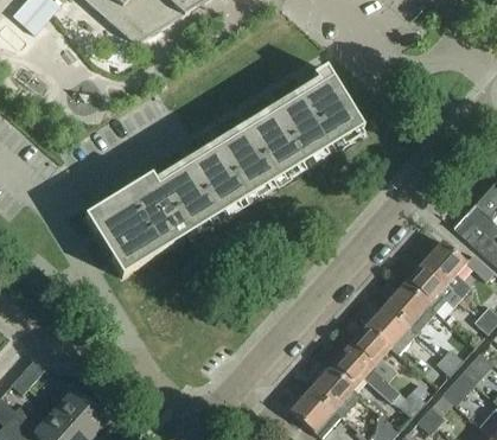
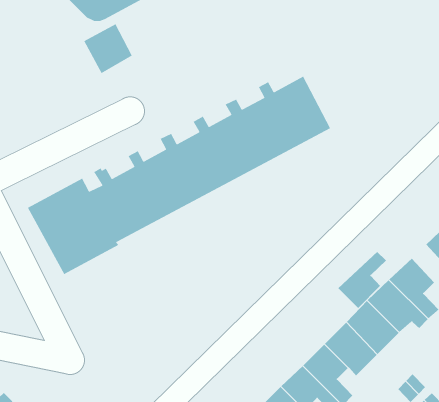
building: none -> [83,23,133,74]
building: none -> [338,251,387,309]

